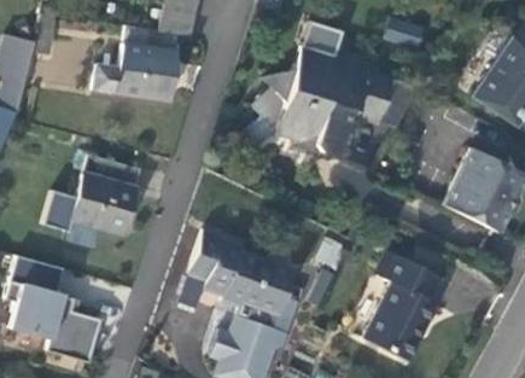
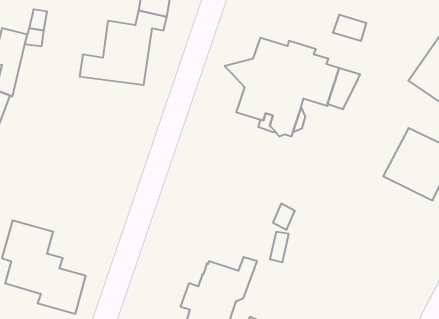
building: [244,86,284,145] -> none
building: [42,153,141,234] -> none
building: [187,228,292,313] -> none
building: [362,249,443,360] -> none

